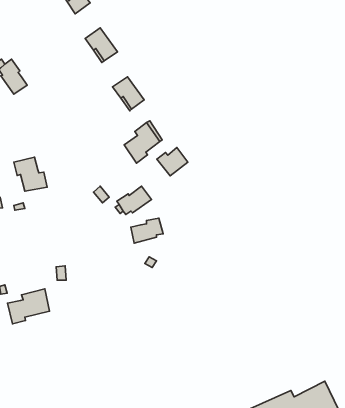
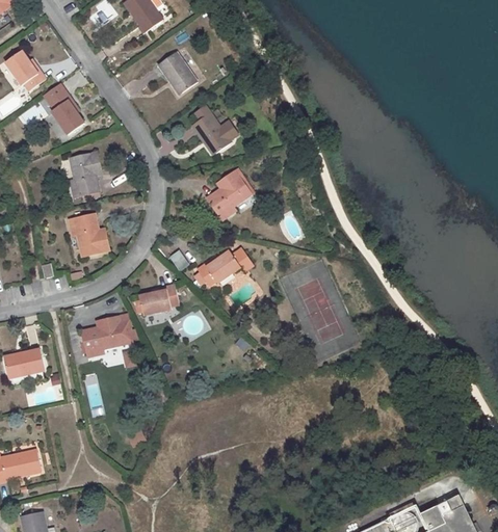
building: none -> [69,152,101,197]
building: [157,148,188,176] -> none
building: [131,218,163,243] -> [138,285,179,316]
building: [7,289,50,324] -> [80,314,133,357]

